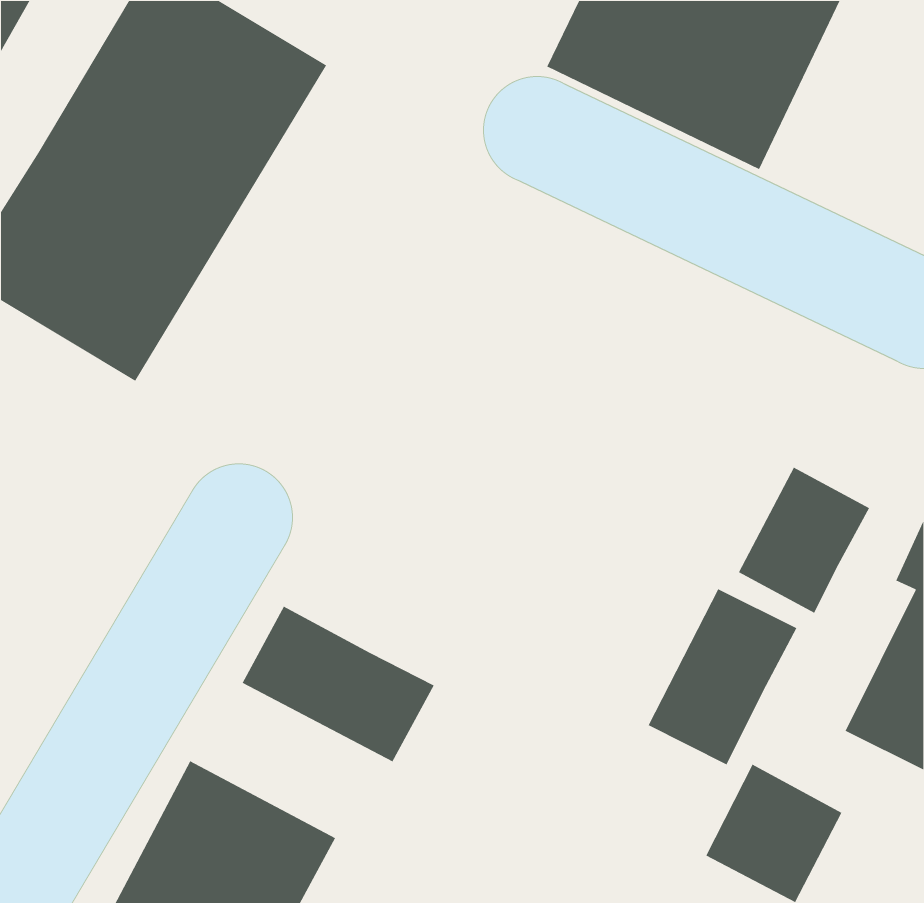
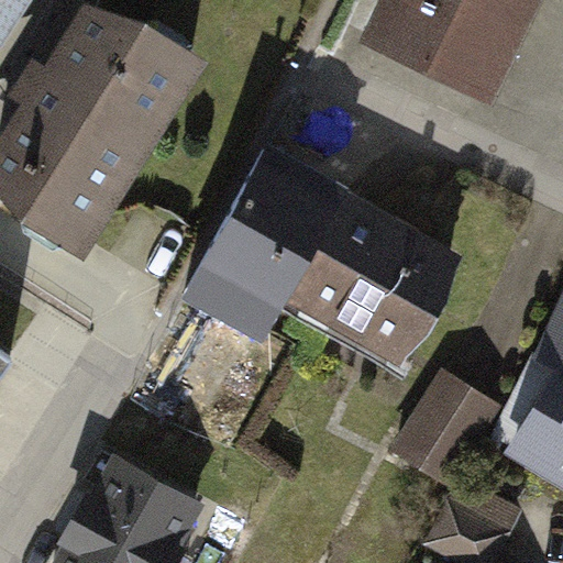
building: none -> [196,158,444,344]
building: [738,467,870,614] -> none
building: [242,605,435,763] -> none

